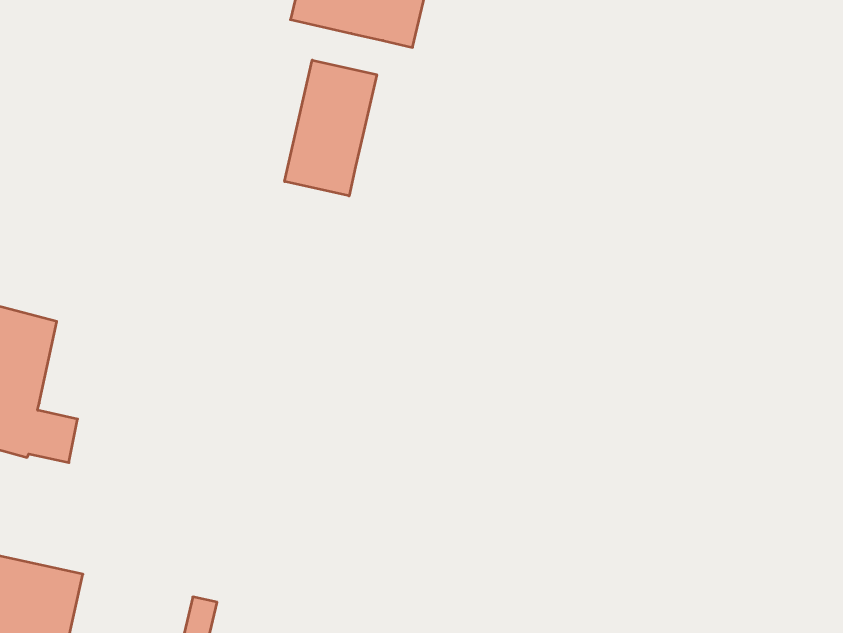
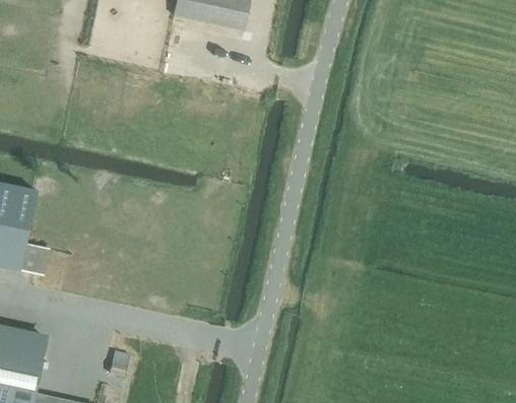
building: [285,60,377,196] -> none

